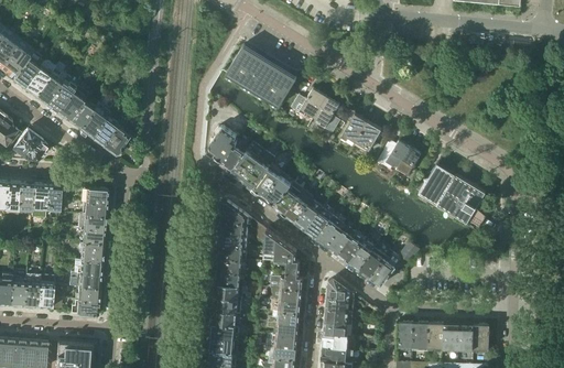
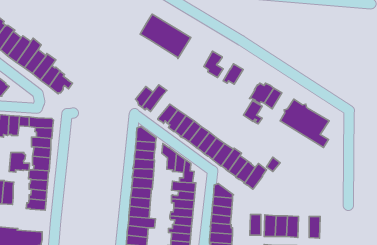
building: [290,89,325,118] -> none
building: [355,122,380,154] -> [244,101,262,124]
building: [208,127,236,162] -> none
building: [240,151,274,190] -> none
building: none -> [9,153,30,172]
building: [442,324,457,353] -> [250,214,261,235]
building: [471,324,488,354] -> none

